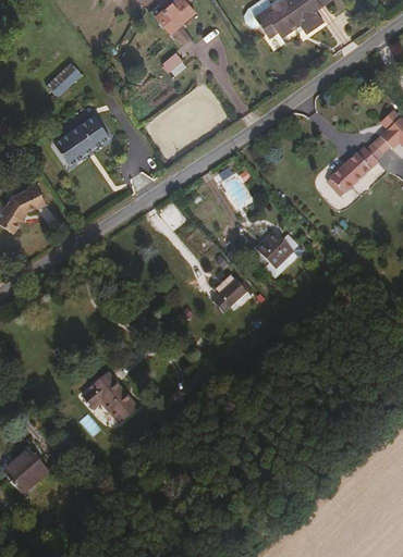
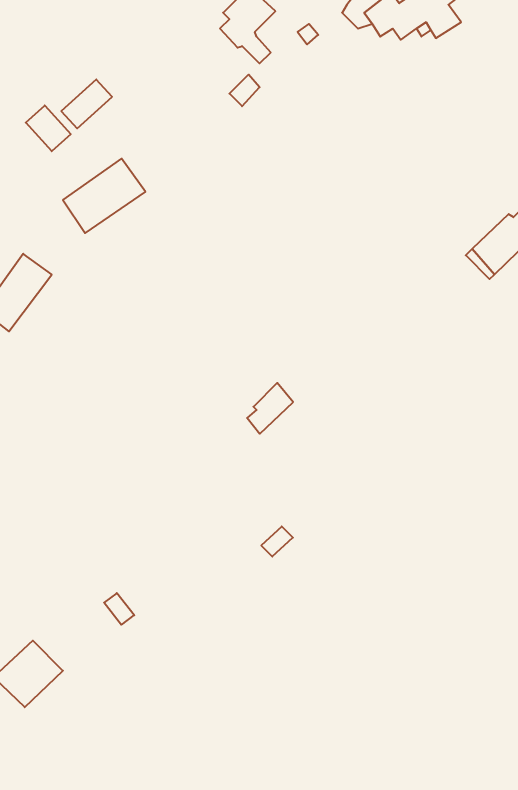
building: none -> [26,105,71,151]
building: [256,230,304,268] -> none
building: [213,277,245,312] -> [247,383,293,434]
building: [82,373,135,423] -> none

